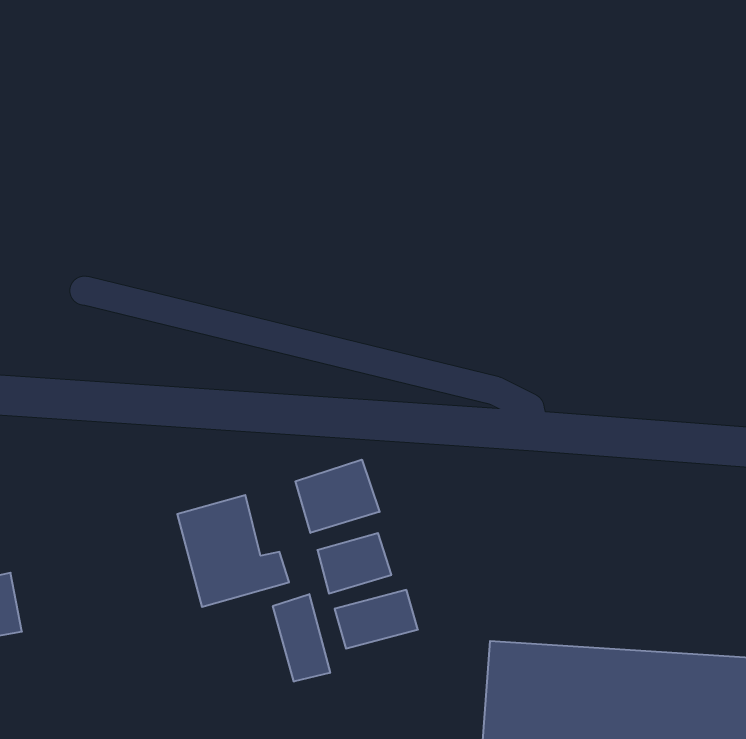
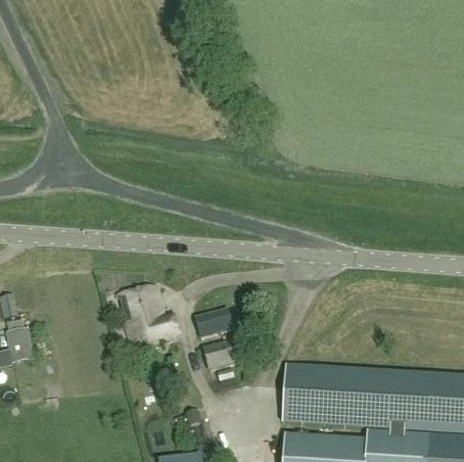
building: [295,460,380,533] -> none
building: [273,594,330,682] -> none

